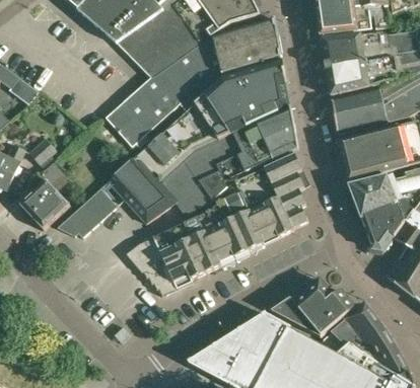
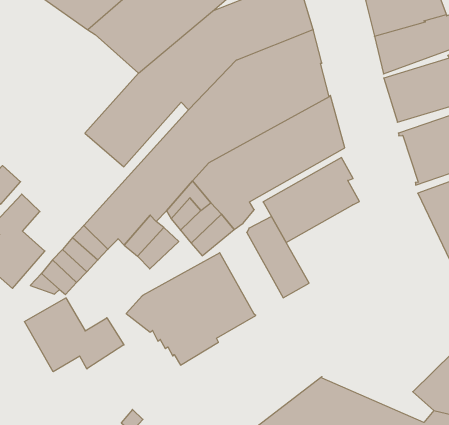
building: [249,189,307,244] -> none
building: [199,203,242,263] -> none
building: none -> [24,298,124,372]
building: [272,279,355,336] -> none

